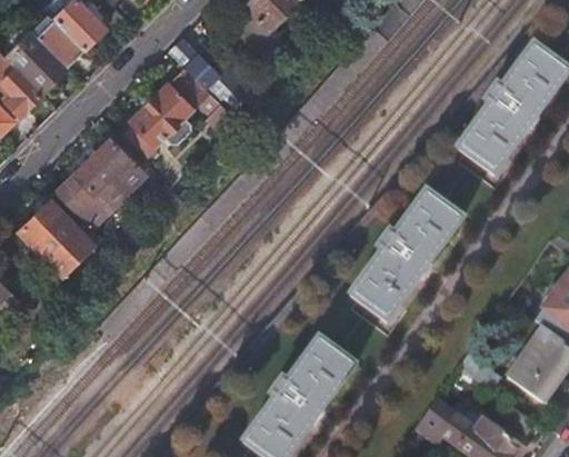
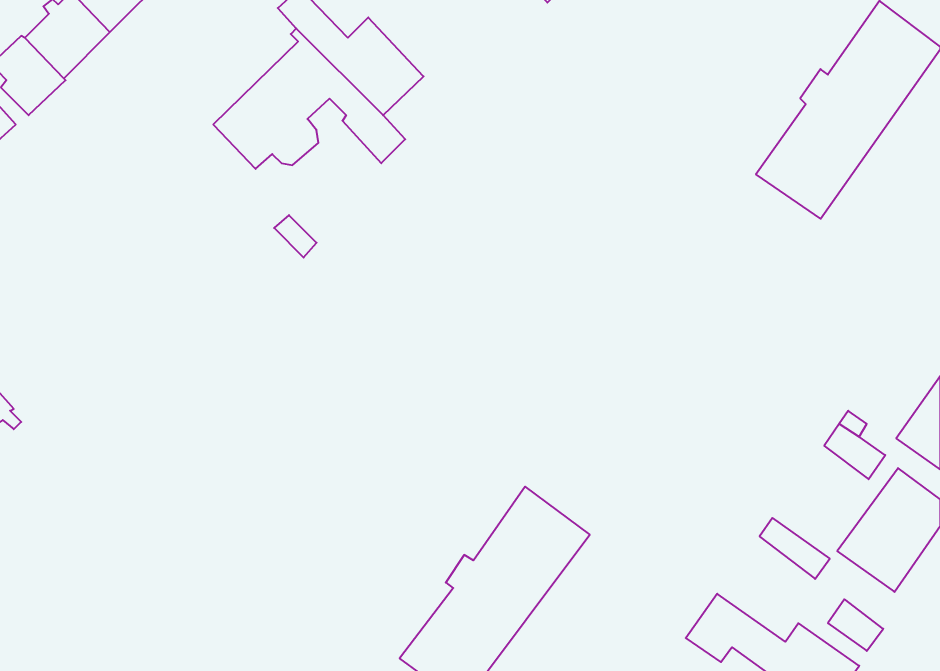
building: [57,139,143,226] -> none
building: [349,192,463,322] -> none
building: [20,200,94,277] -> none

